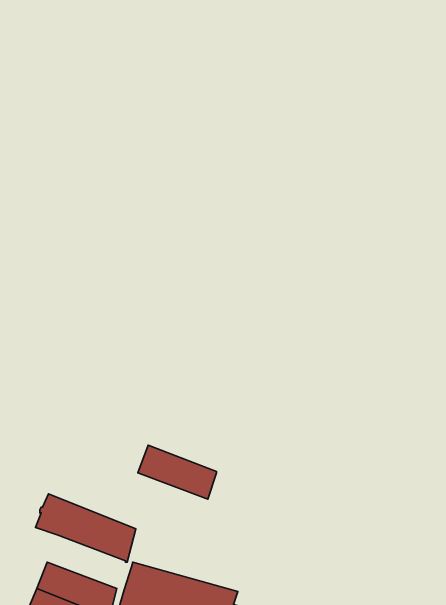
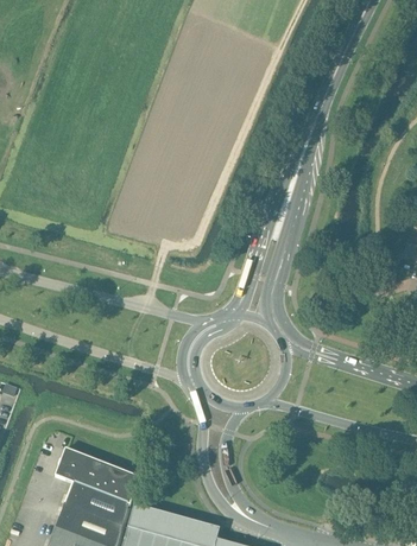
building: [138,445,217,499] -> [64,481,128,525]

